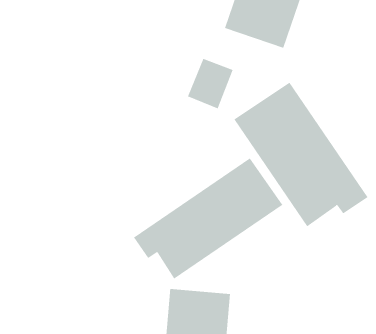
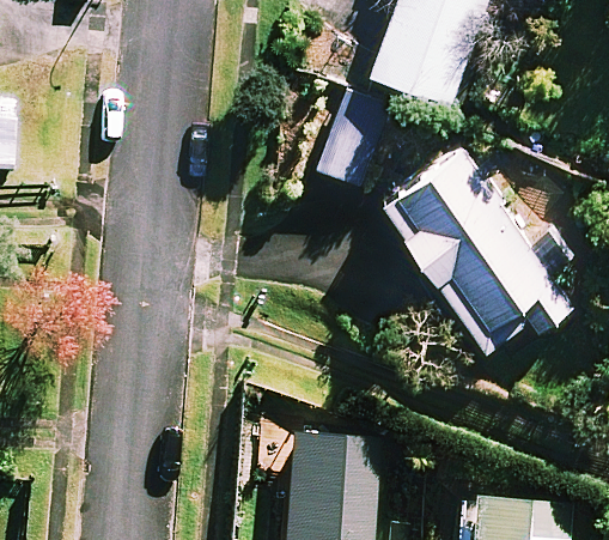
building: [133,158,283,279] -> none

